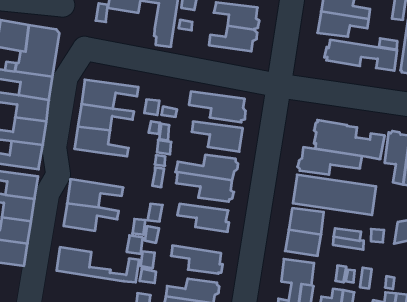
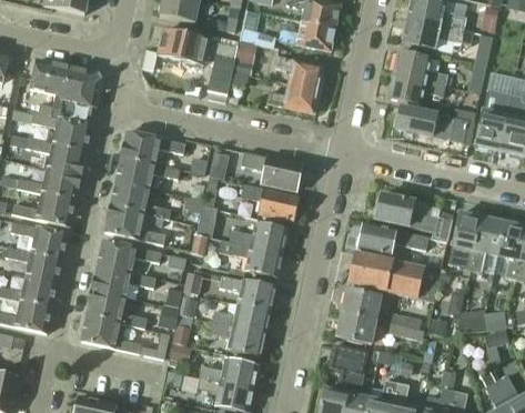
building: none -> [105,205,164,243]
building: none -> [87,290,145,326]
building: none -> [211,301,273,332]

